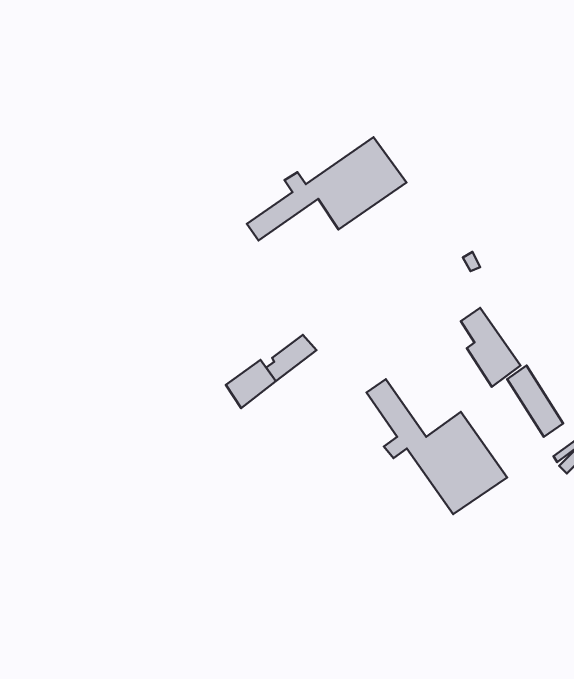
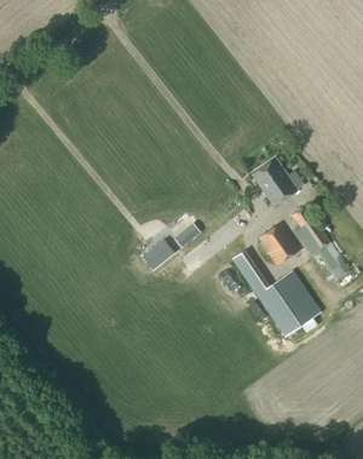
building: [247,137,406,241] -> none
building: none -> [250,159,296,206]
building: none -> [258,223,298,265]

